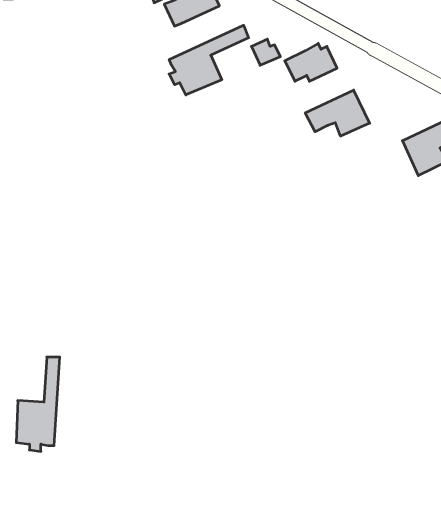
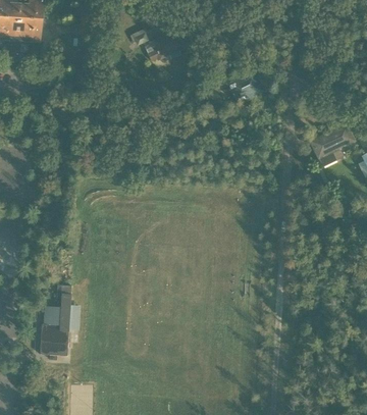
building: [169,25,249,95] -> none
building: [305,90,370,136] -> none

